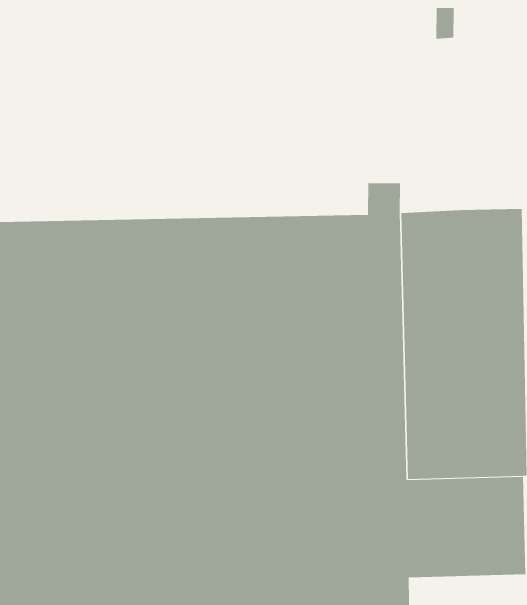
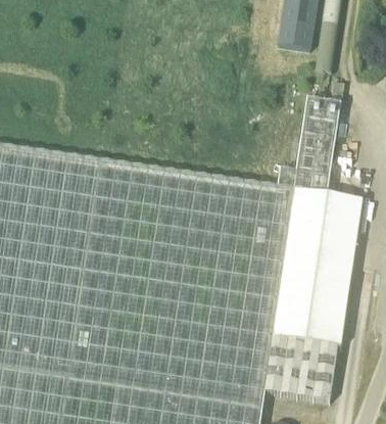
building: none -> [294,103,340,198]

